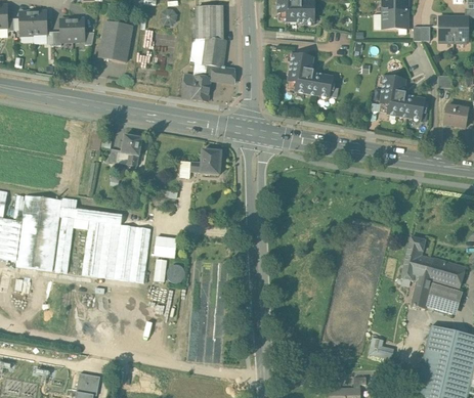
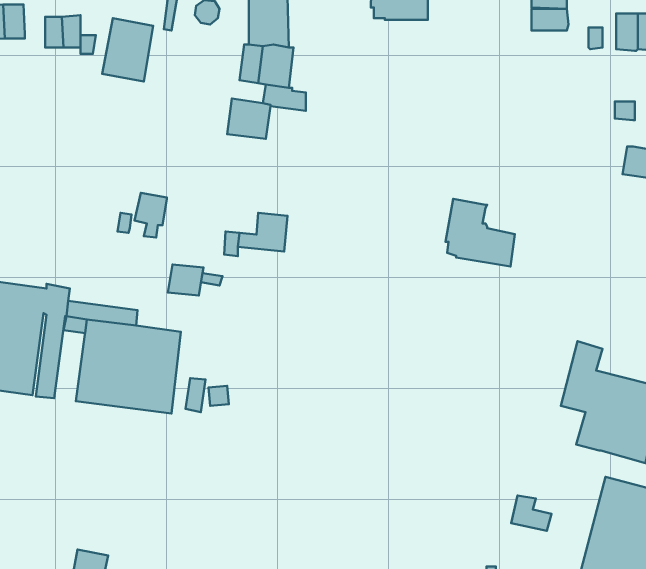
building: [287,52,333,97] -> none
building: [379,75,425,120] -> [445,199,515,267]
building: [154,236,177,257] -> [168,265,203,295]

